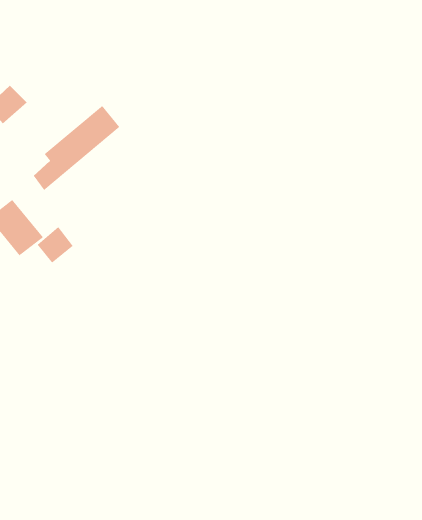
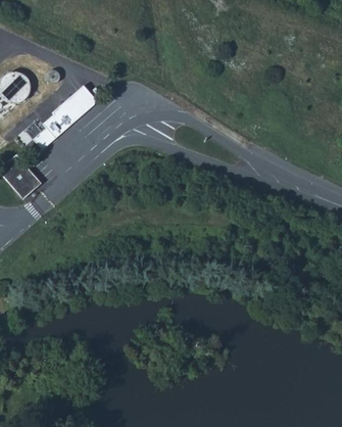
building: [37,226,73,263] -> none

